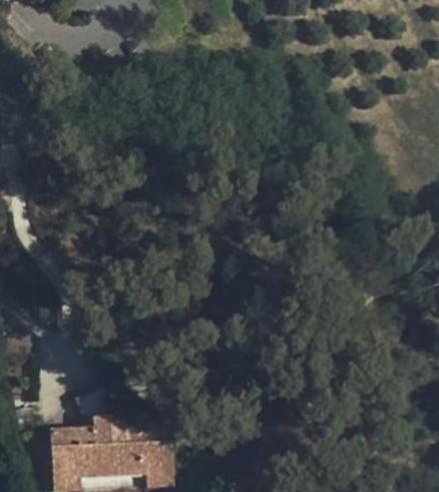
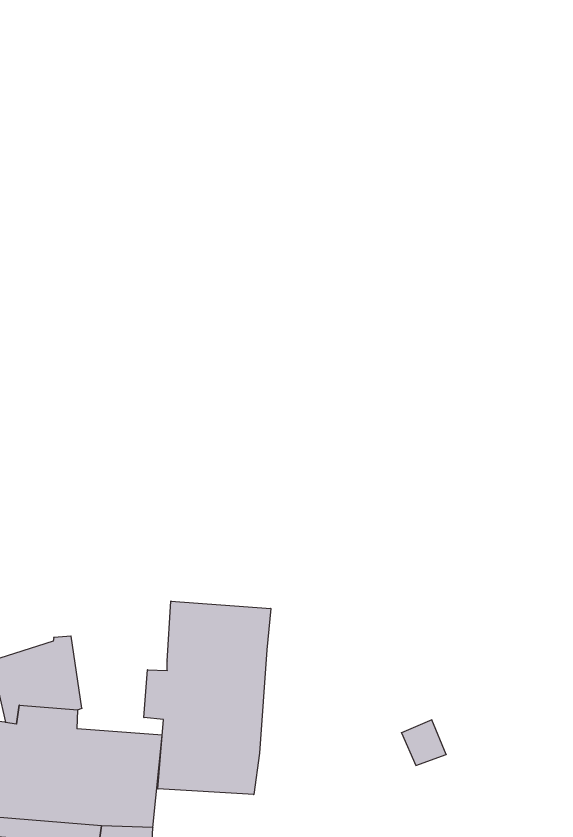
building: none -> [144,601,271,795]

